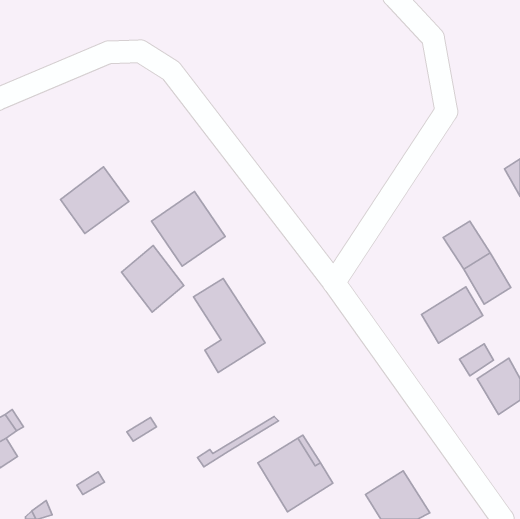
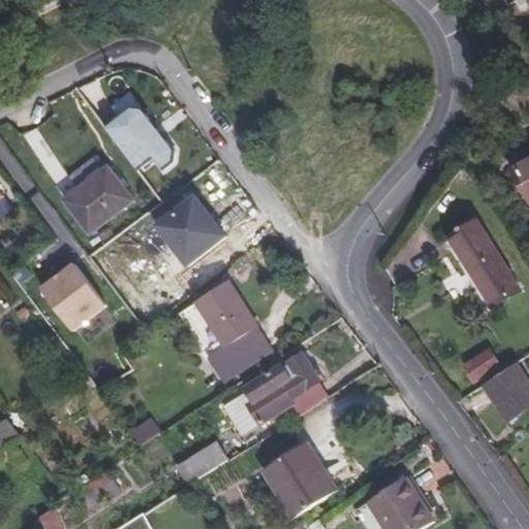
building: none -> [105,102,178,169]
building: [121,246,184,312] -> [38,262,101,330]
building: [421,287,483,343] -> none
building: none -> [242,352,316,424]

